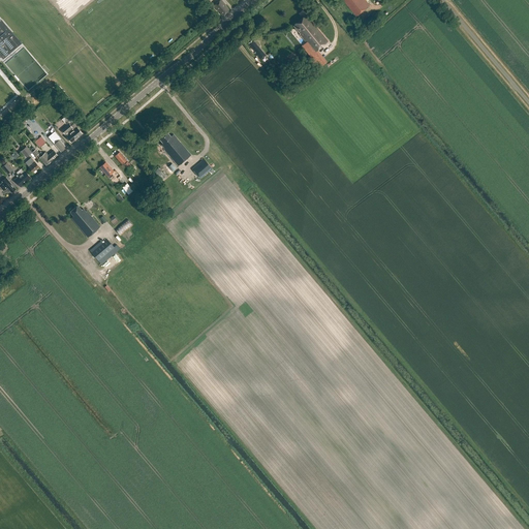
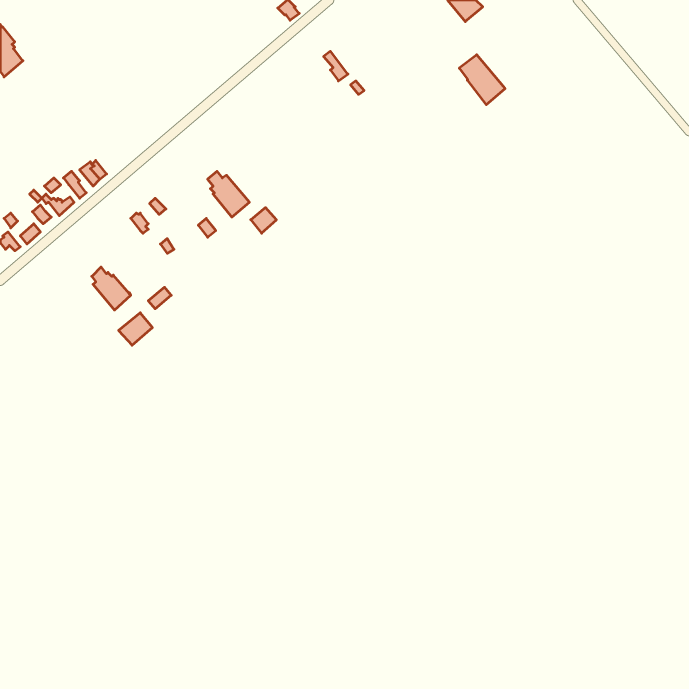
building: [293,14,329,53] -> [459,55,505,105]

